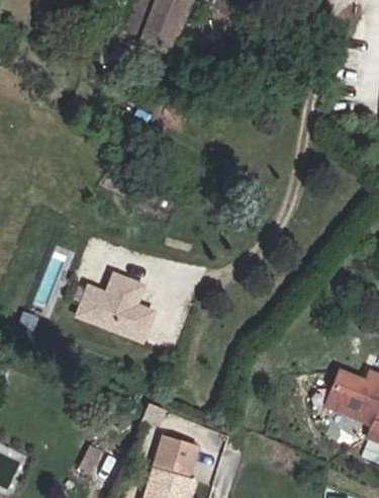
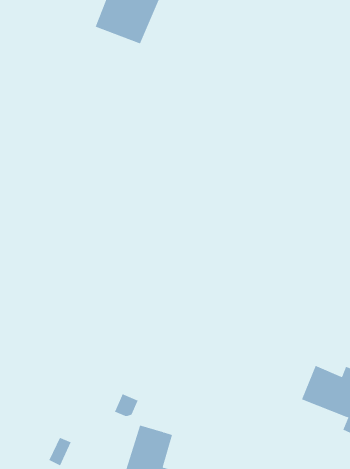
building: [77,273,153,340] -> none

